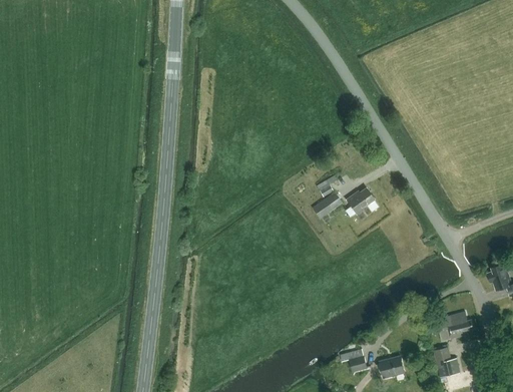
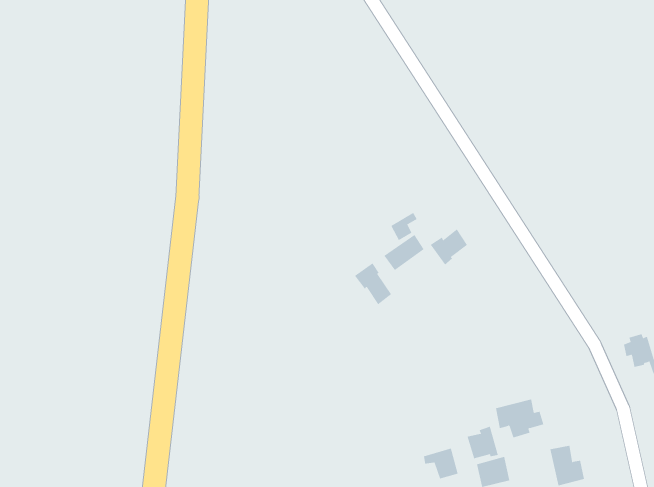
building: none -> [354,262,392,305]
building: [438,310,474,339] -> [495,399,544,438]
building: none -> [467,426,498,459]

